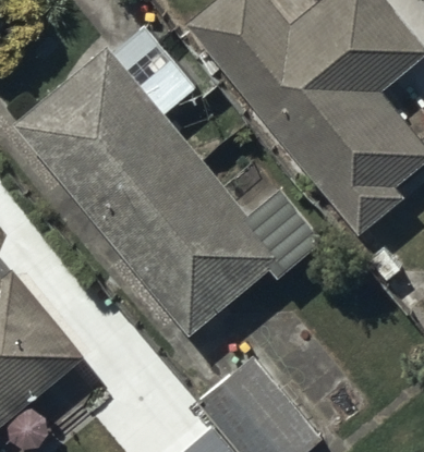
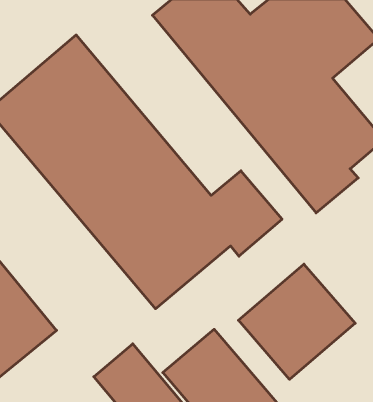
building: none -> [238,264,355,379]

